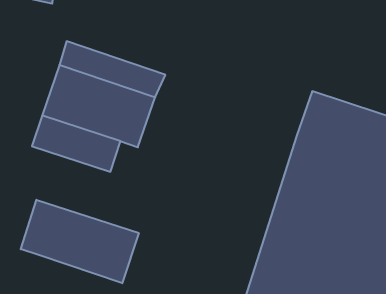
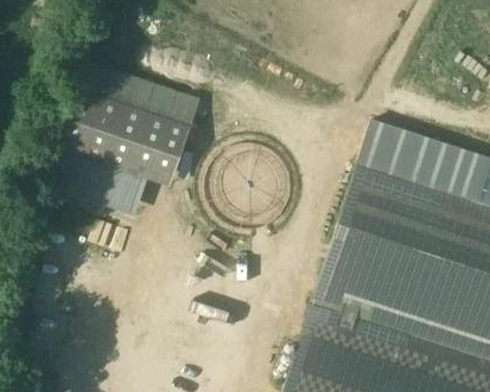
building: [21,200,139,283] -> none

